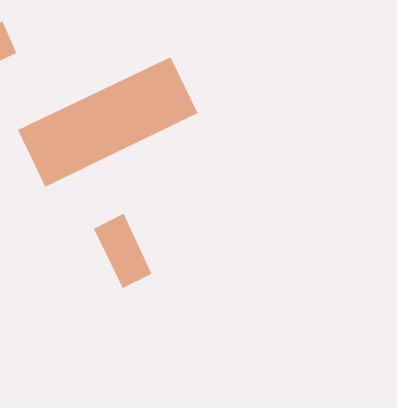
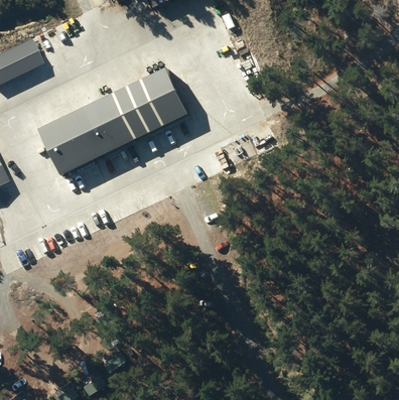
building: [93,213,152,289] -> none

